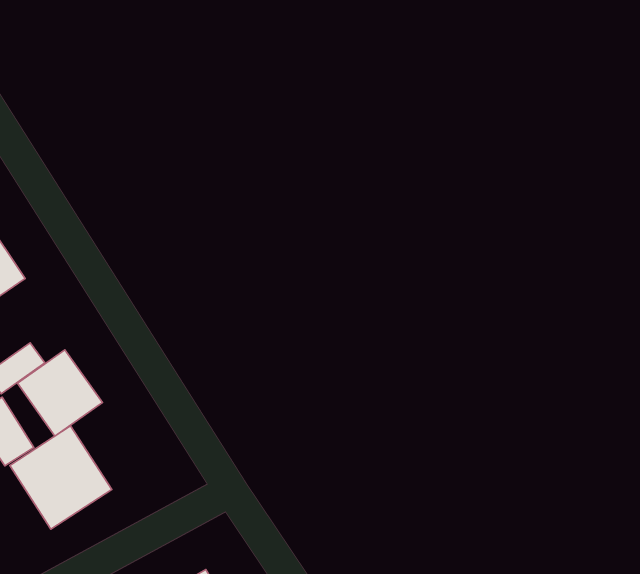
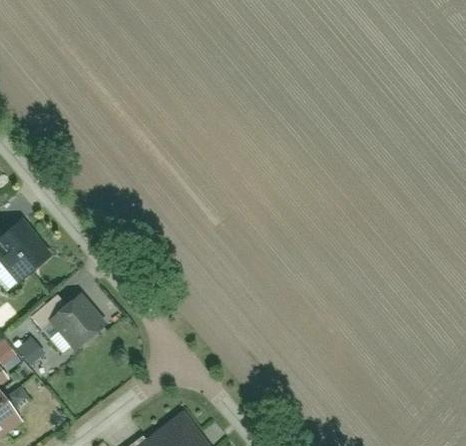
building: [10,426,112,529] -> none

